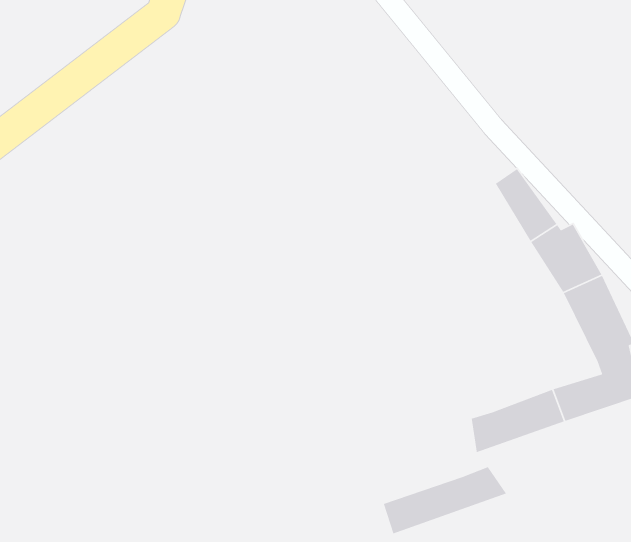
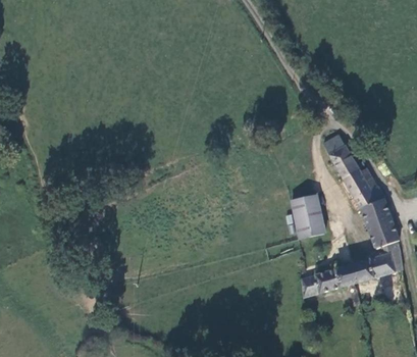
building: none -> [291,195,324,239]
building: [383,466,507,534] -> none

